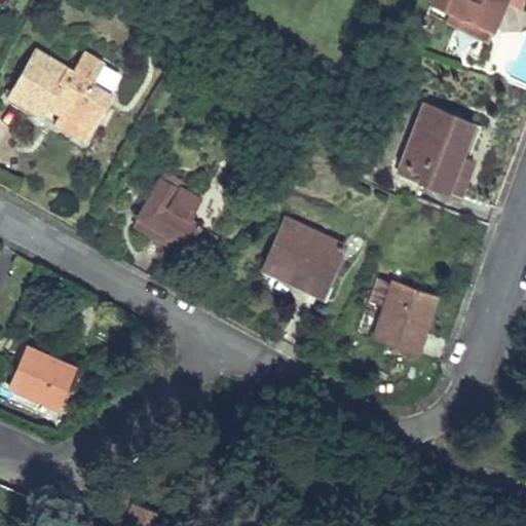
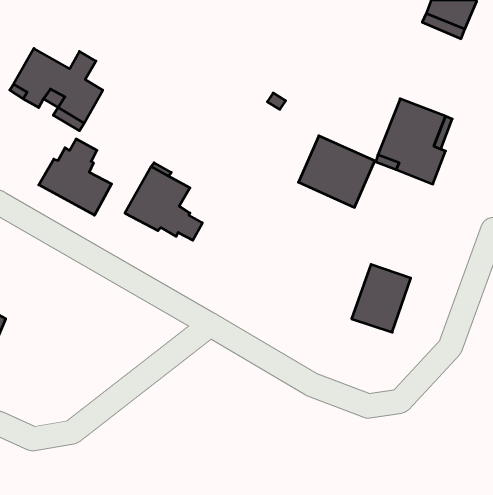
building: none -> [39,139,112,215]
building: [263,219,344,295] -> [298,136,375,207]
building: [8,346,76,408] -> none

